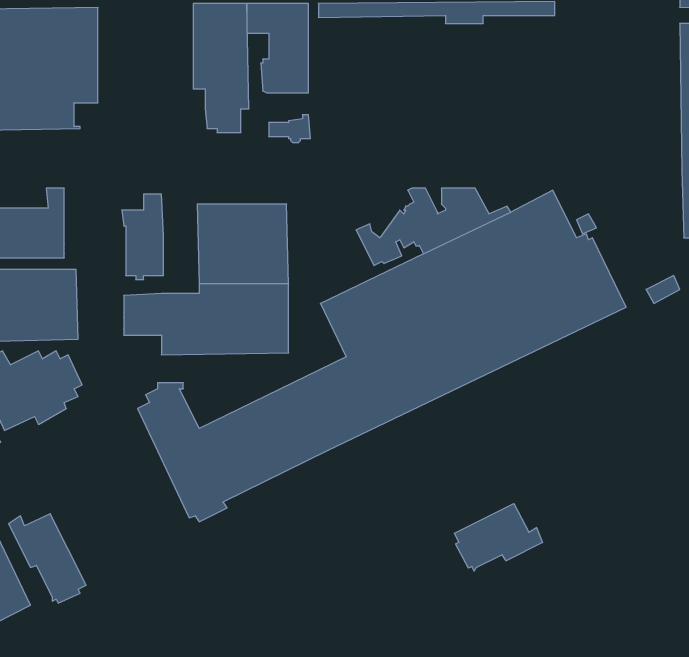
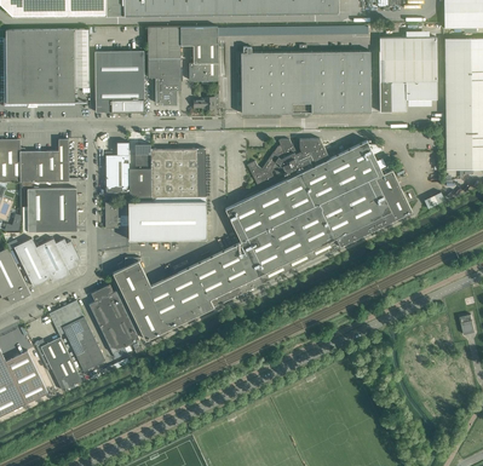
building: none -> [380,36,437,111]
building: none -> [238,46,372,113]
building: none -> [94,50,144,111]
building: none -> [130,143,151,196]
building: none -> [88,283,140,357]
building: none -> [50,299,105,370]
building: [454,504,542,571] -> none

